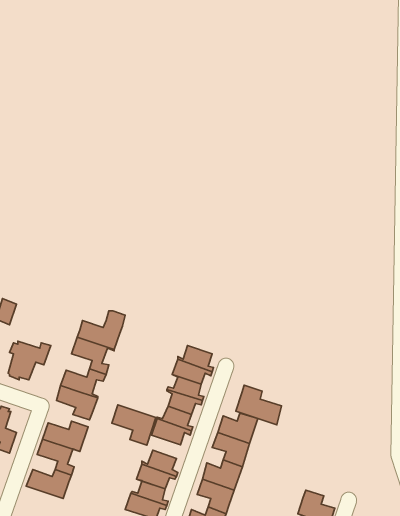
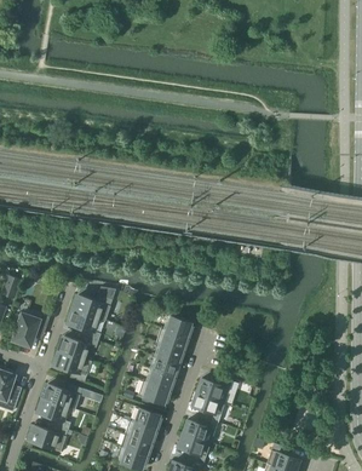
building: [236,385,282,425] -> none
building: [112,405,156,445] -> none

